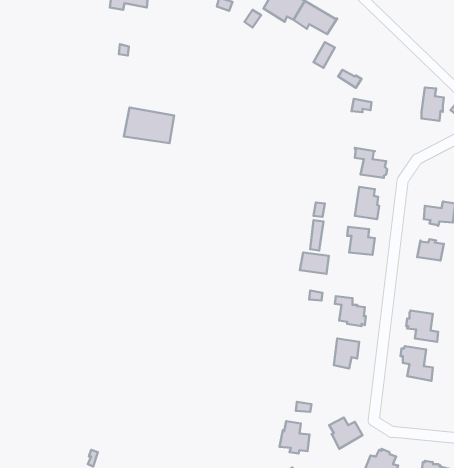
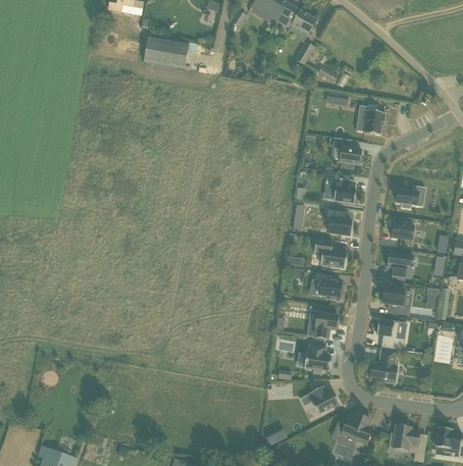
building: [422,87,444,121] -> [364,103,384,134]
building: [124,108,174,143] -> [142,36,188,68]
building: [300,253,329,274] -> [319,248,346,267]
building: none -> [385,253,413,279]
building: none -> [369,348,396,382]
building: [280,421,310,453] -> [303,344,330,373]

